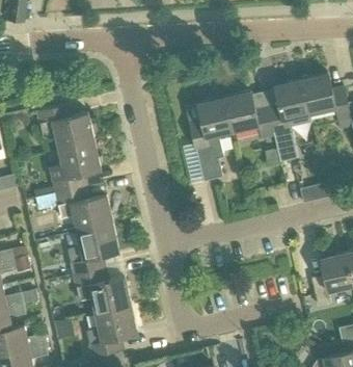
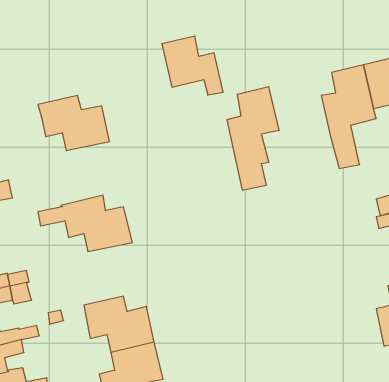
building: [223,90,273,138] -> [162,36,223,95]
building: [49,141,100,193] -> none
building: [66,224,118,274] -> none

